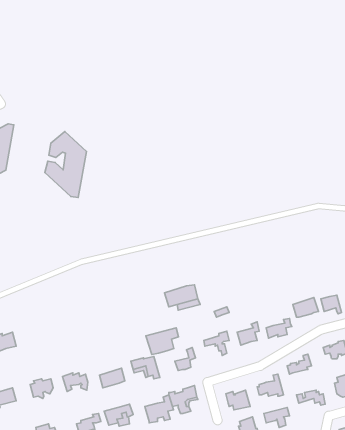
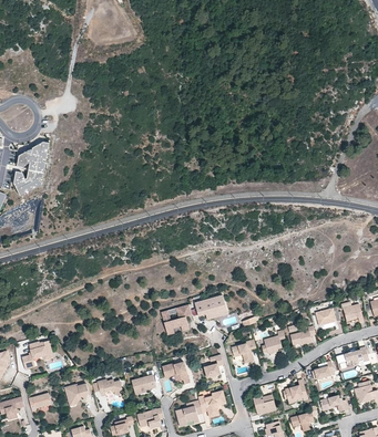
building: [45,132,86,198] -> none
building: [146,328,178,354] -> [160,303,191,329]

